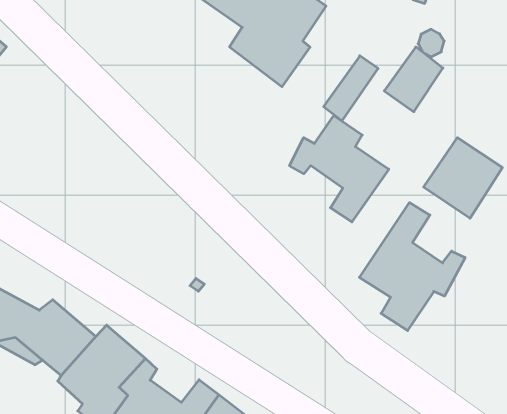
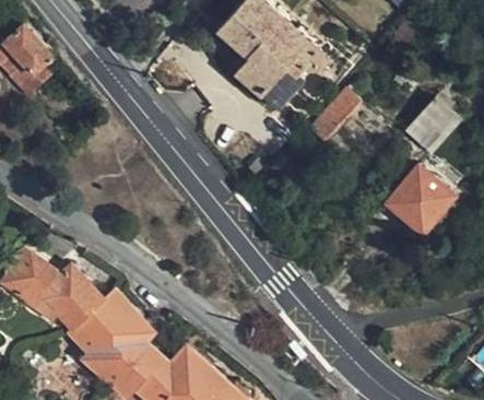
building: [384,47,443,112] -> [408,99,458,153]
building: [290,116,389,222] -> none
building: [359,203,465,331] -> none

